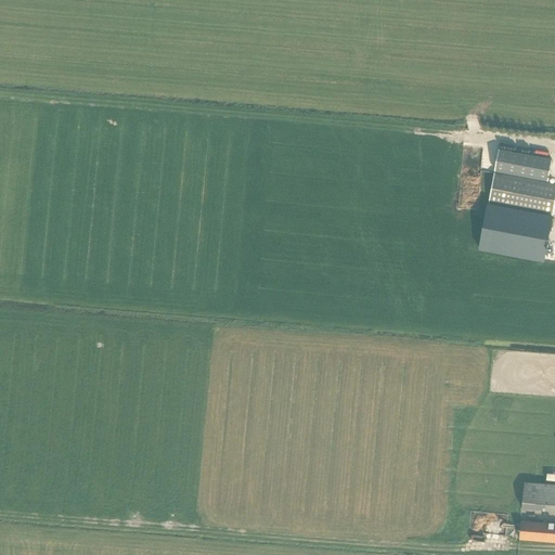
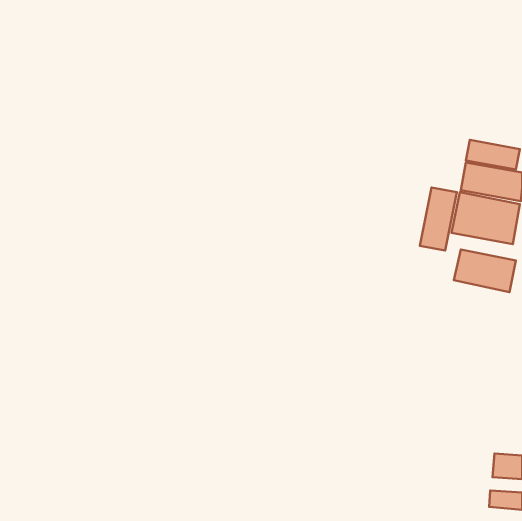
building: none -> [420,188,457,251]
building: none -> [454,250,516,292]

